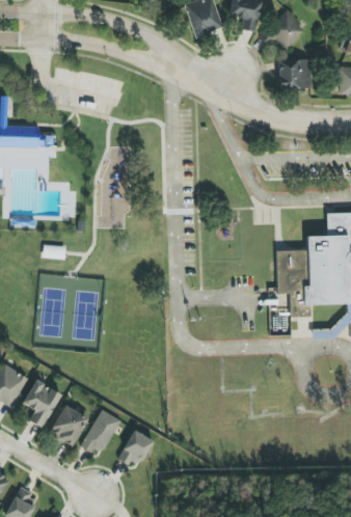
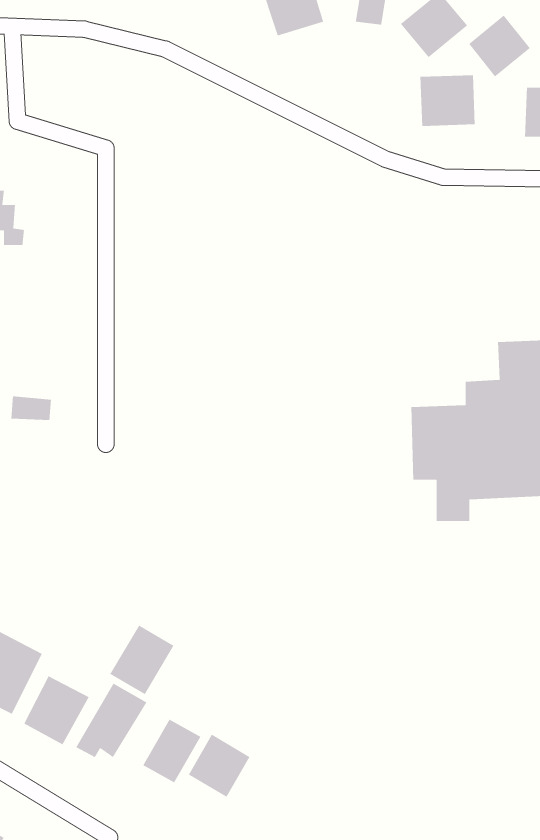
building: none -> [468,15,531,78]
building: none -> [109,625,175,695]
building: none -> [188,734,251,798]

